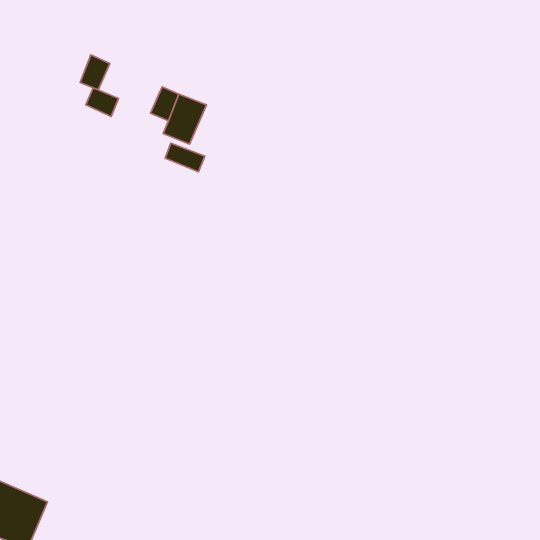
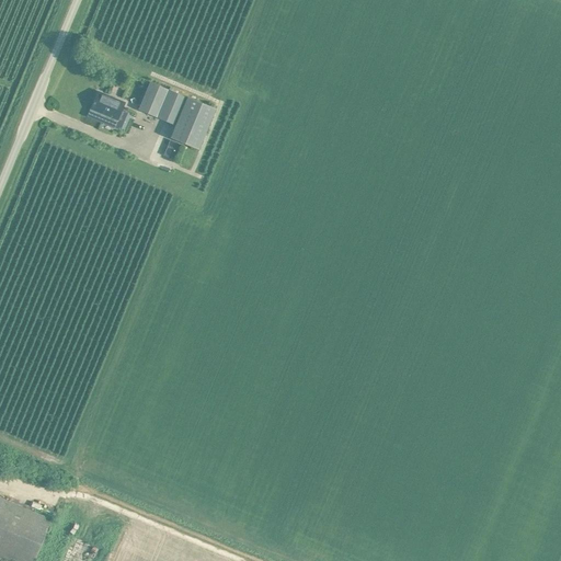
building: [80,55,110,90] -> [137,82,168,118]
building: [165,143,205,172] -> none

